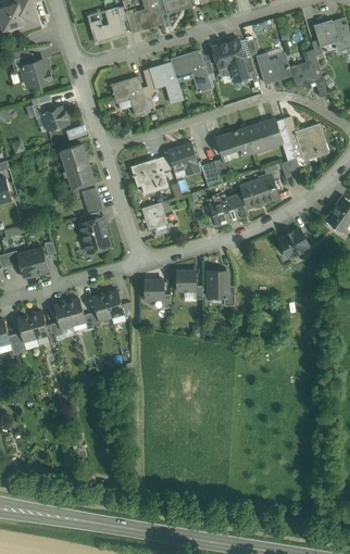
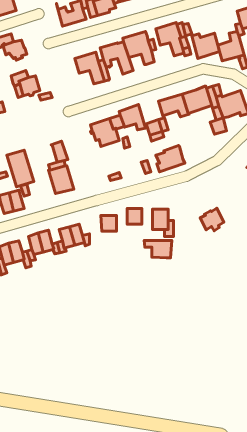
building: [60,143,93,189] -> [7,150,34,187]
building: [238,176,278,209] -> none
building: [140,202,167,229] -> none
building: [278,228,308,256] -> [200,208,224,231]
building: none -> [144,240,172,258]

